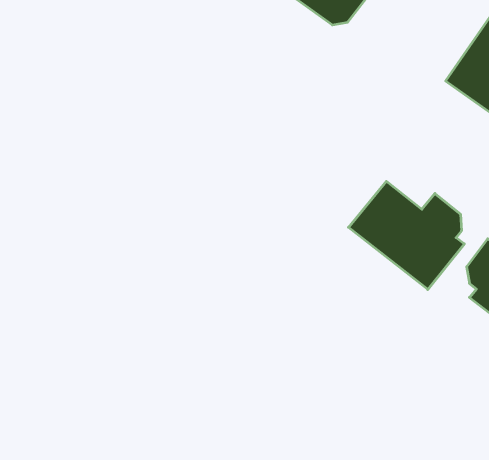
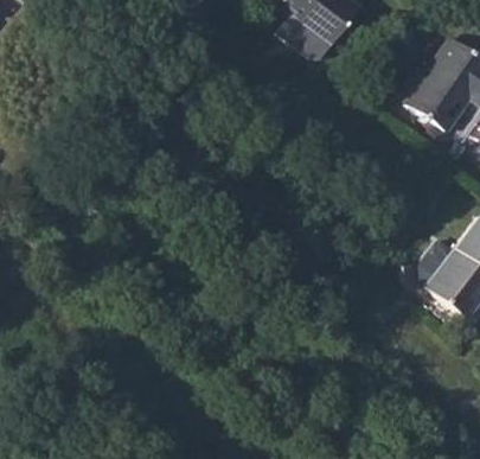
building: [348,181,464,290] -> none

